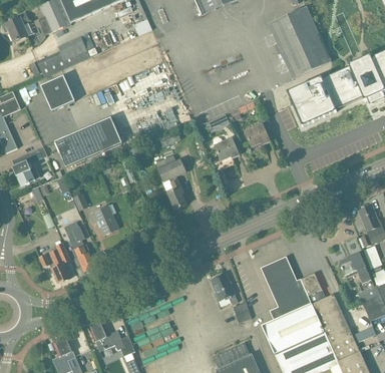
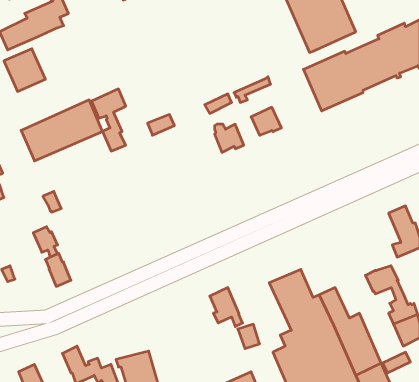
building: [158,157,186,209] -> [92,89,126,151]
building: [91,204,118,235] -> none
building: [50,243,71,284] -> none

